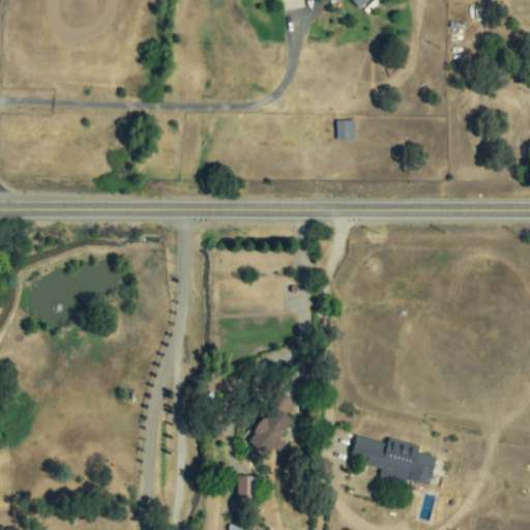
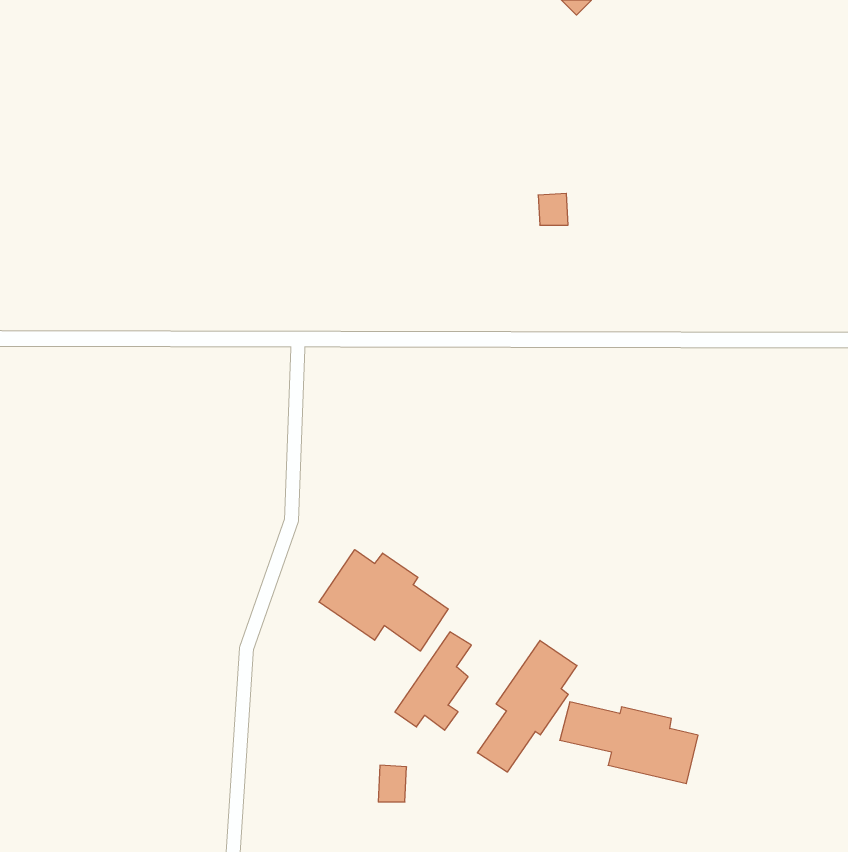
building: none -> [319,550,448,651]
building: none -> [477,640,577,772]

